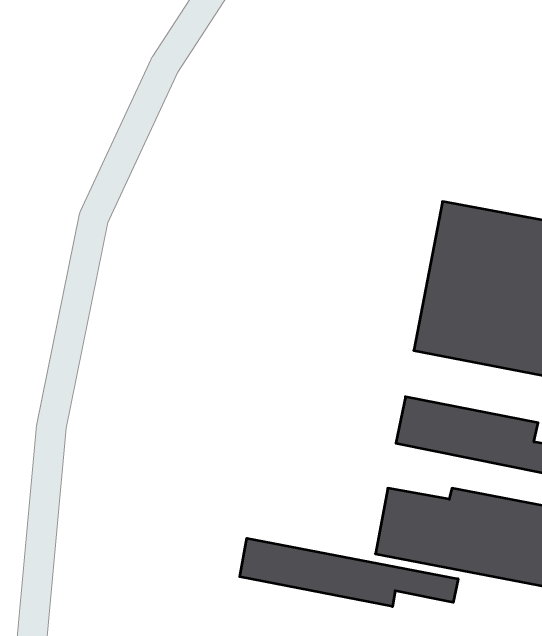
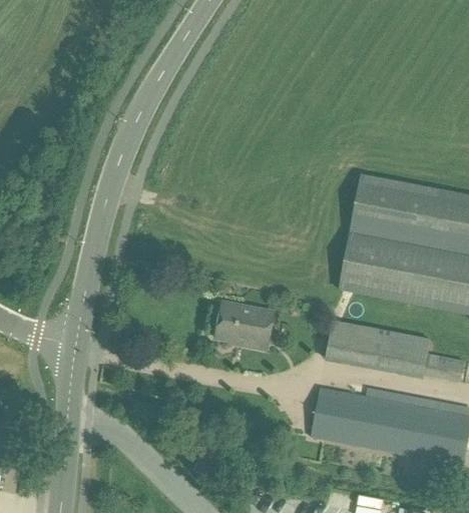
building: none -> [214,301,274,351]
building: [240,538,458,607] -> none

